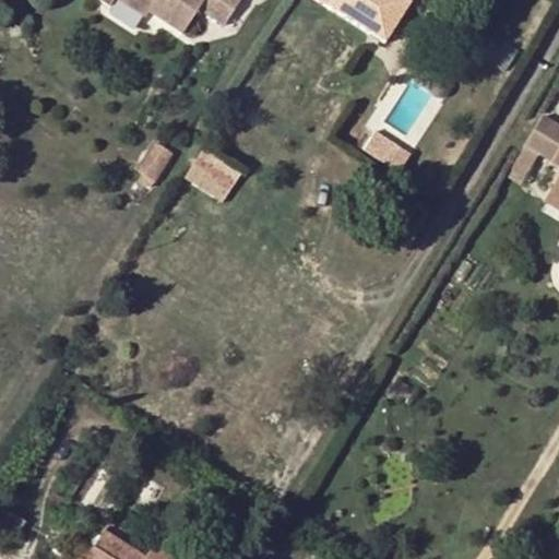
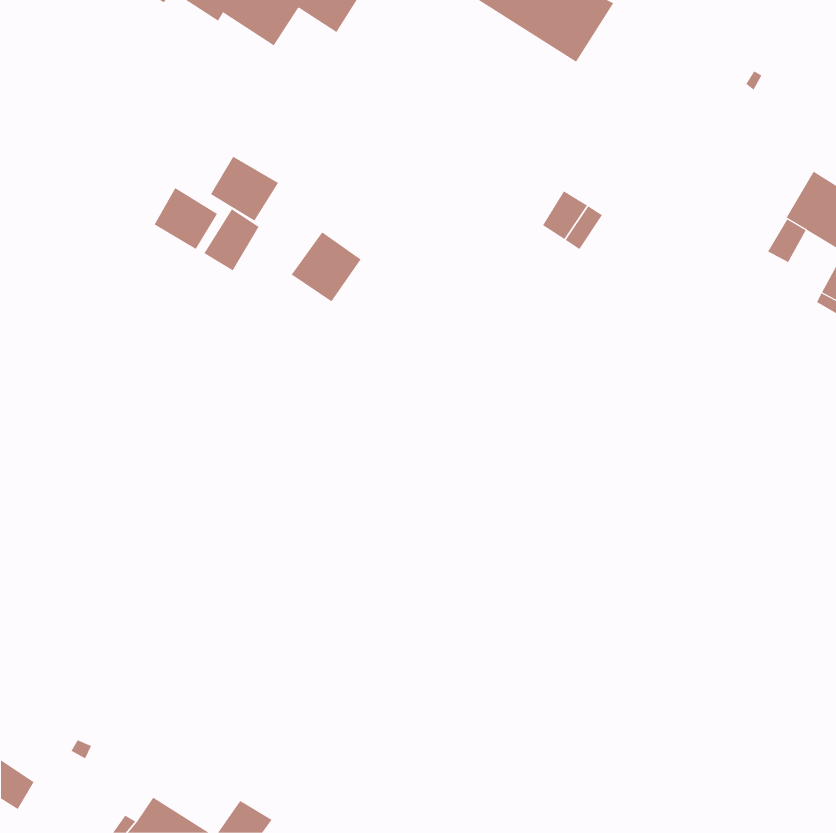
building: none -> [210,156,279,221]
building: none -> [154,187,218,250]

